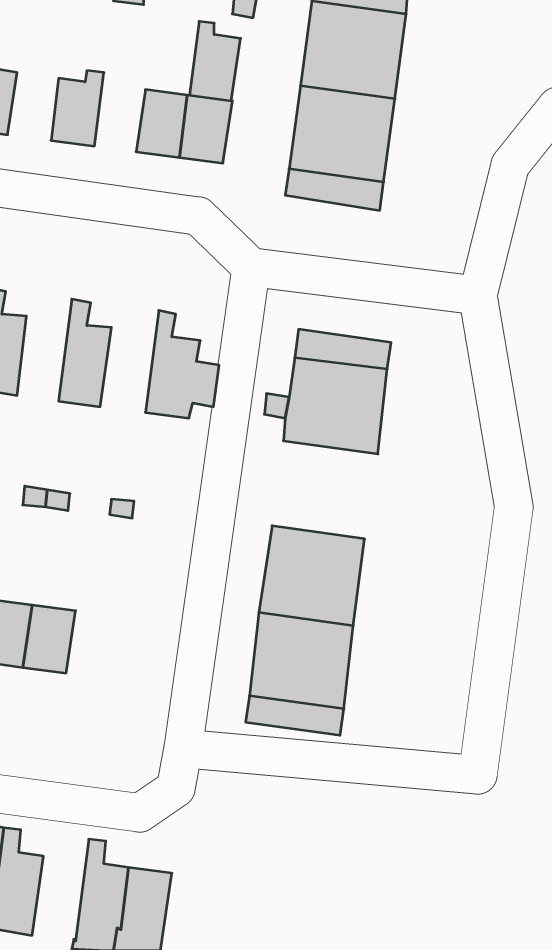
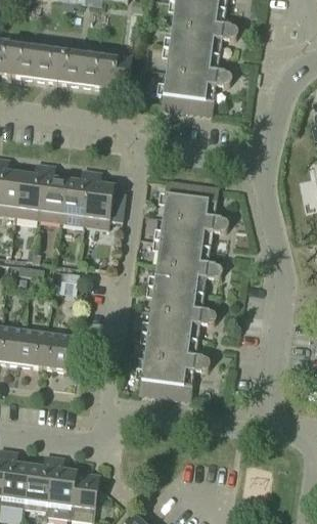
building: [190,21,241,101] -> [57,42,85,85]
building: none -> [10,42,38,79]
building: none -> [15,164,45,220]
building: none -> [60,170,92,226]
building: none -> [153,242,211,295]
building: none -> [42,334,71,372]
building: none -> [24,455,54,513]

